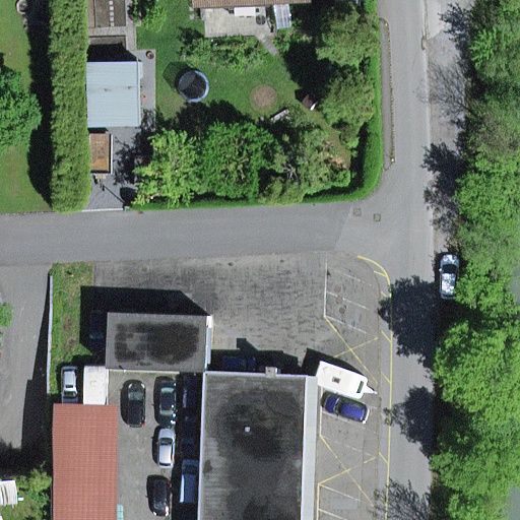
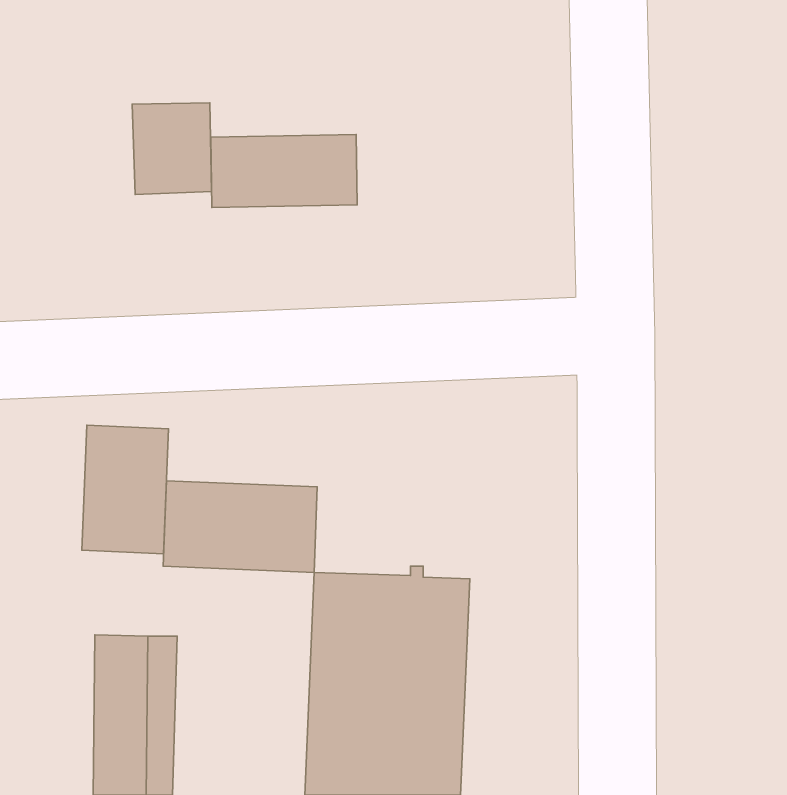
building: none -> [211,134,357,208]
building: none -> [82,425,169,554]

